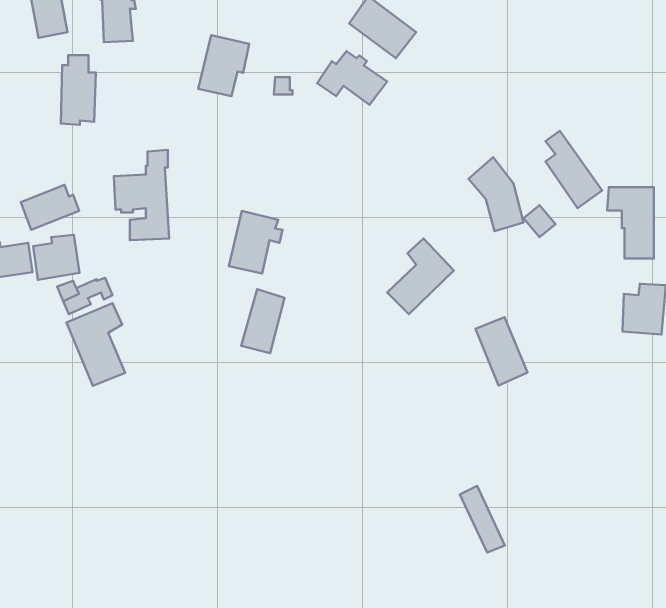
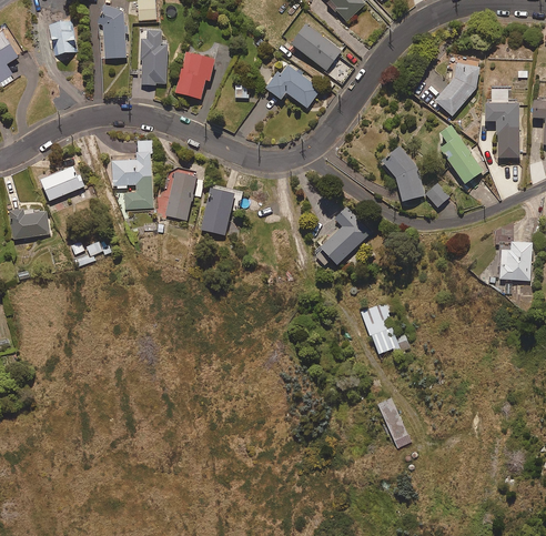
building: none -> [434,63,479,115]
building: [61,55,96,125] -> [139,34,165,88]
building: [607,187,654,259] -> [485,103,520,158]
building: [33,235,80,280] -> none
building: [241,289,285,353] -> [163,171,196,220]
building: [67,303,125,386] -> none
building: [475,317,528,385] -> [360,303,400,355]

